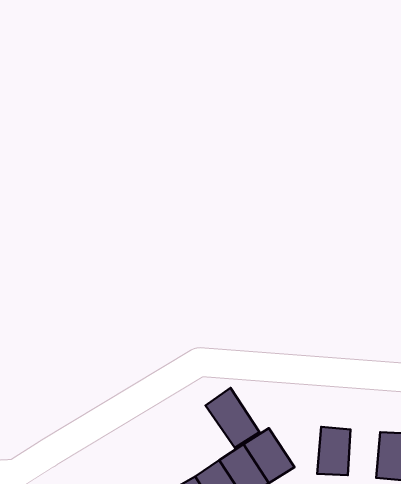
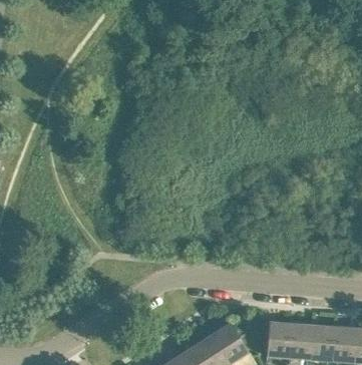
building: [205,388,259,448] -> none
building: none -> [289,324,313,360]

